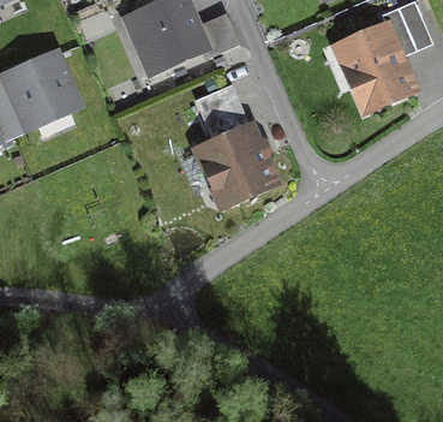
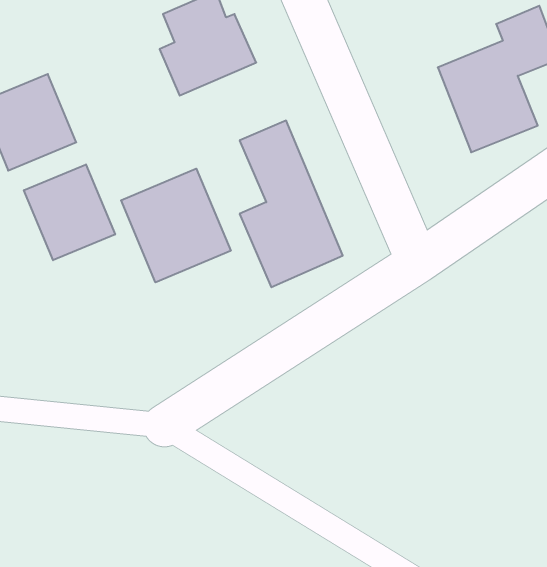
building: none -> [24,164,115,260]
building: none -> [121,169,231,282]

